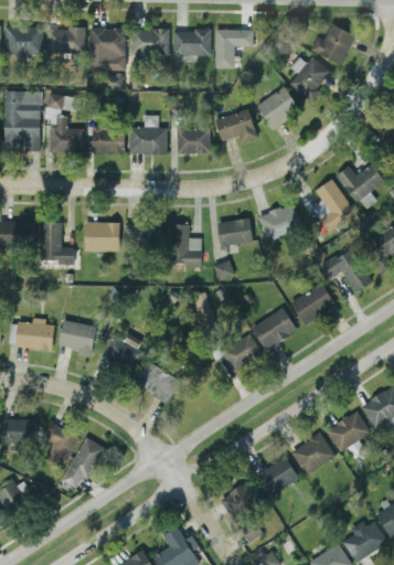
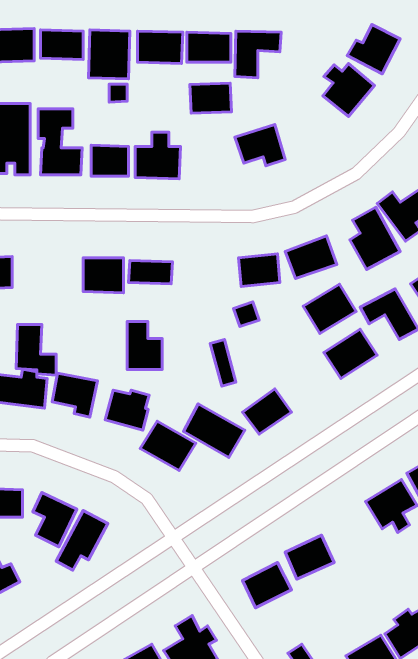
building: [256,86,299,128] -> none
building: [175,128,211,153] -> [190,83,231,113]
building: [40,222,74,265] -> [16,324,56,375]
building: [171,224,201,265] -> [127,322,162,370]
building: [252,308,297,350] -> [303,284,356,333]
building: none -> [184,404,245,457]
building: [291,433,334,473] -> none

